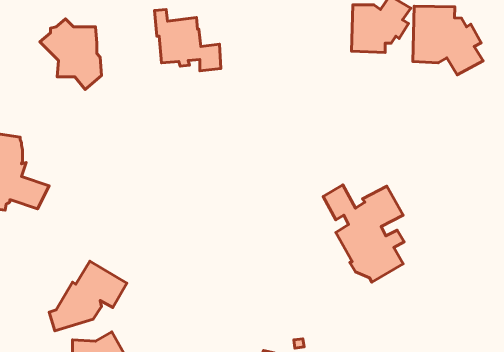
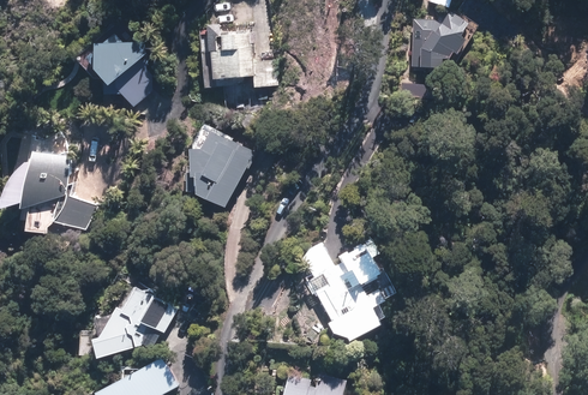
building: [413,6,483,75] -> none
building: none -> [184,130,254,205]
building: [323,185,404,282] -> [299,241,383,342]

